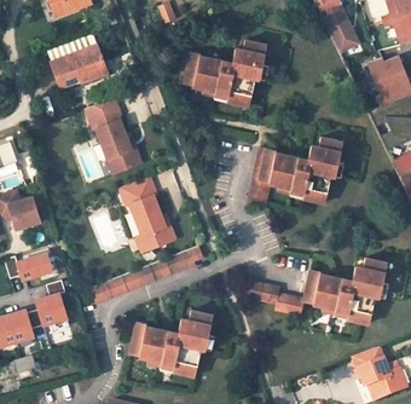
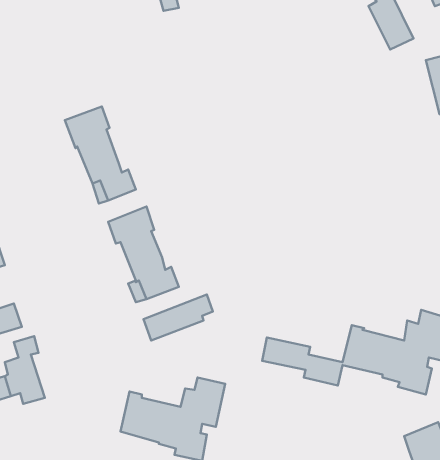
building: [181,42,266,106] -> none
building: [50,46,106,88] -> none
building: [247,138,345,207] -> none
building: [88,270,143,305] -> none

